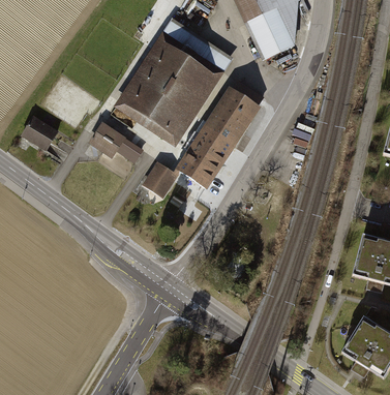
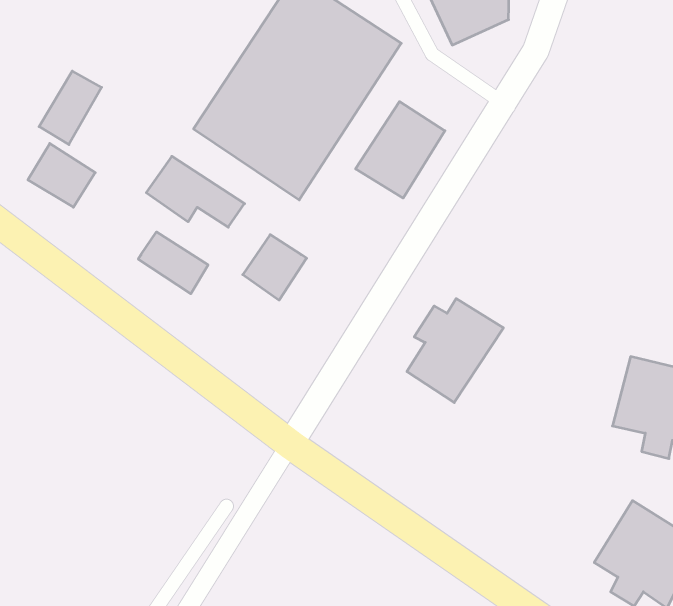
building: none -> [39,71,102,145]
building: [179,128,234,187] -> [407,299,503,403]
building: none -> [138,232,208,294]

